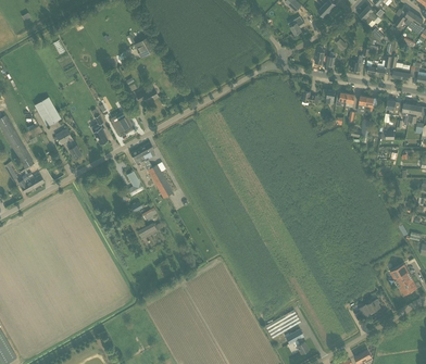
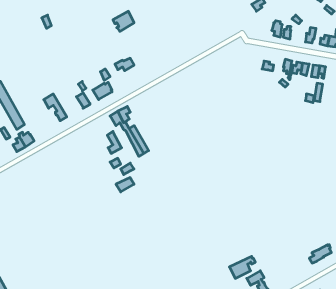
building: [33,97,60,127] -> none

